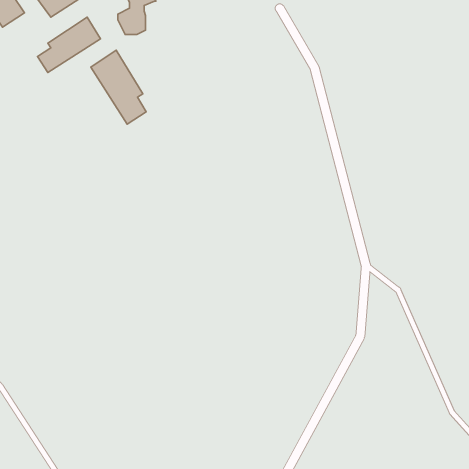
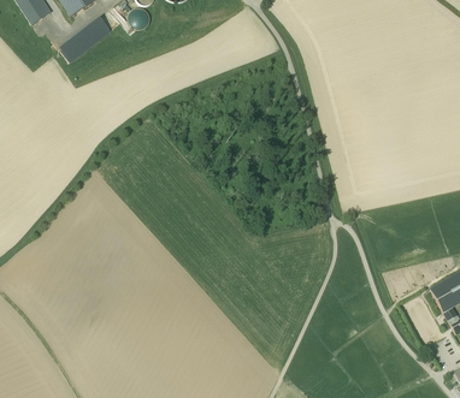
building: [91,50,146,124] -> none

